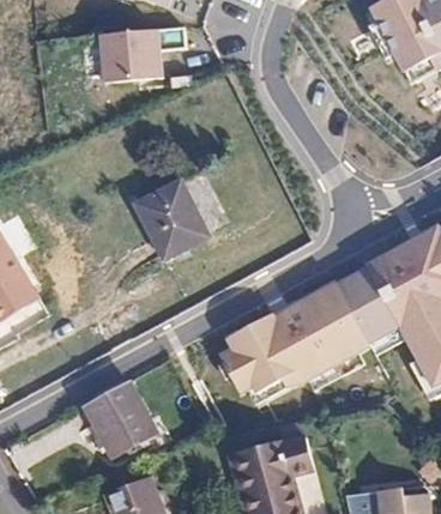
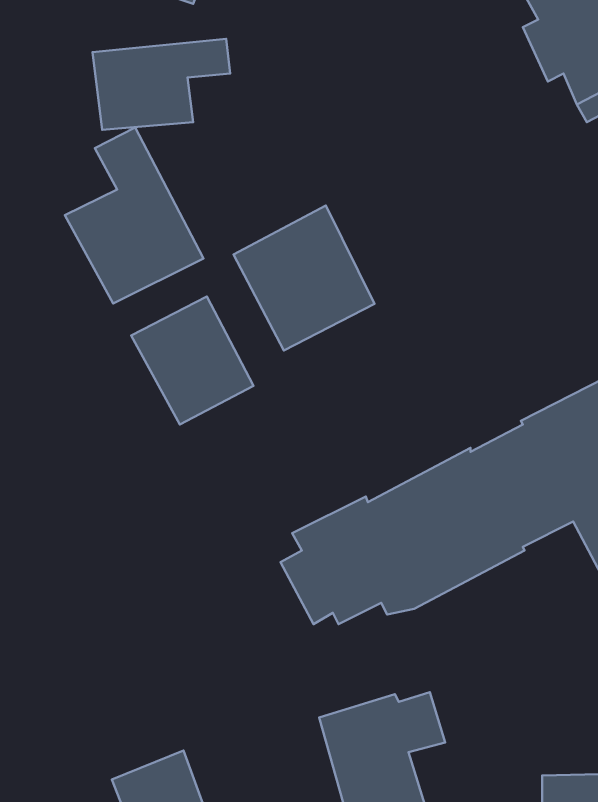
building: none -> [65,127,203,303]
building: none -> [234,206,374,351]
building: [77,380,147,453] -> none

